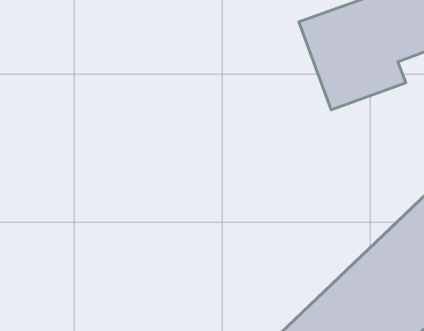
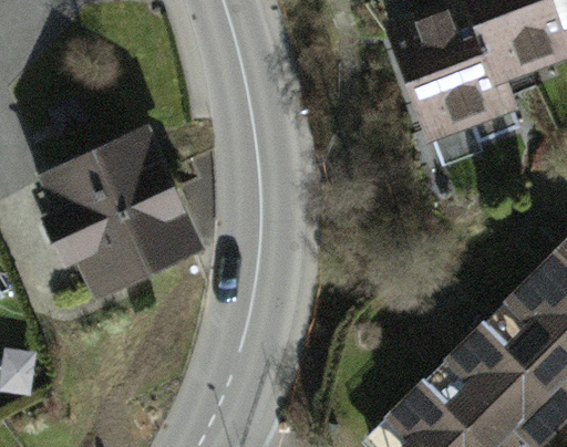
building: none -> [38,129,209,300]

